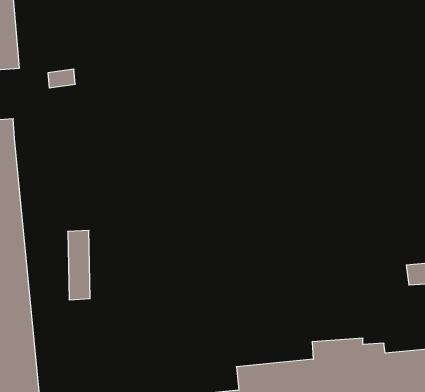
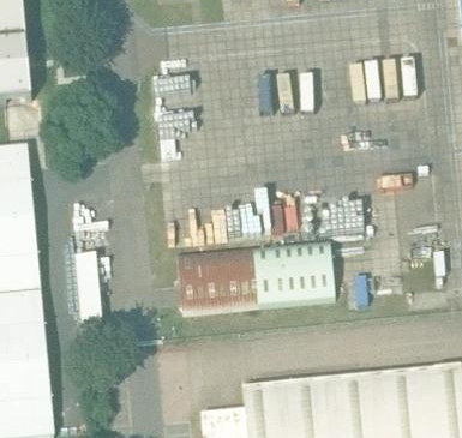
building: none -> [175,239,334,313]

